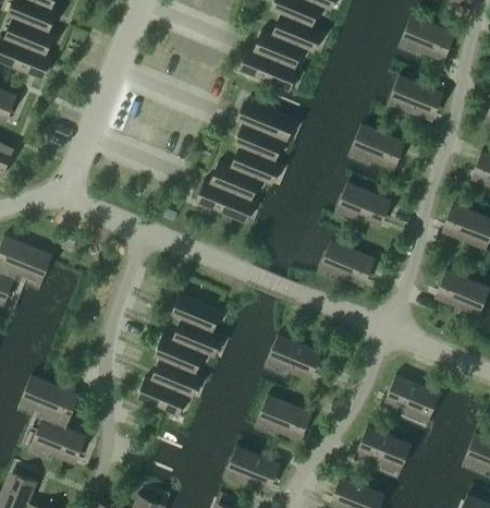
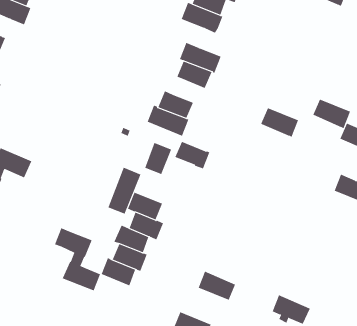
building: [393,78,443,118] -> none
building: [355,128,404,166] -> [313,99,351,129]
building: [231,149,277,185] -> [175,141,210,169]
building: none -> [145,142,172,175]
building: [321,241,371,279] -> none
building: none -> [108,167,141,214]
building: [271,336,320,375] -> none
building: [384,375,434,414] -> none
building: [25,377,85,459] -> [54,227,101,291]

